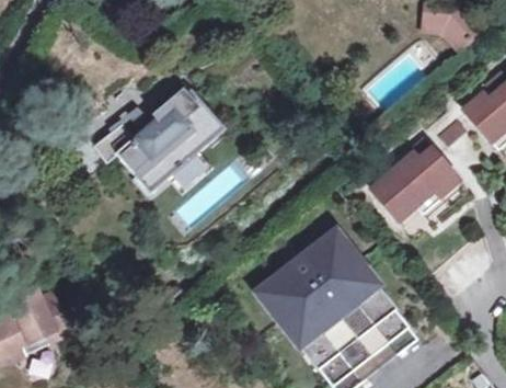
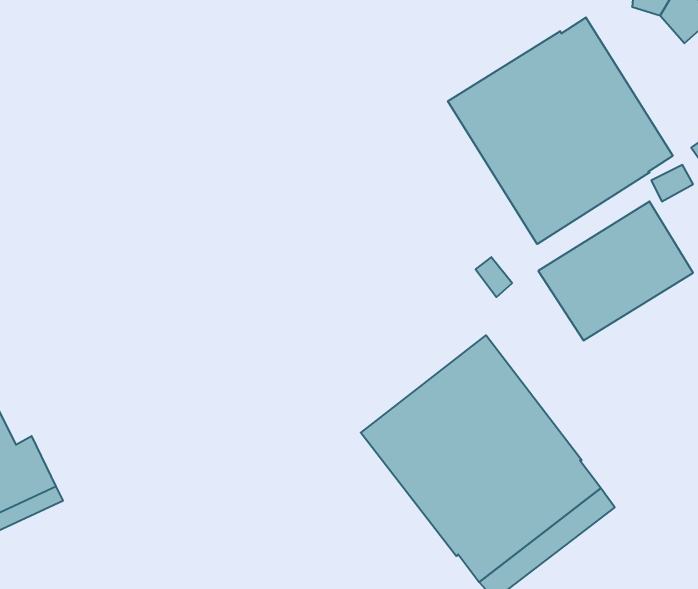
building: none -> [448,17,673,244]
building: [92,87,223,191] -> none

